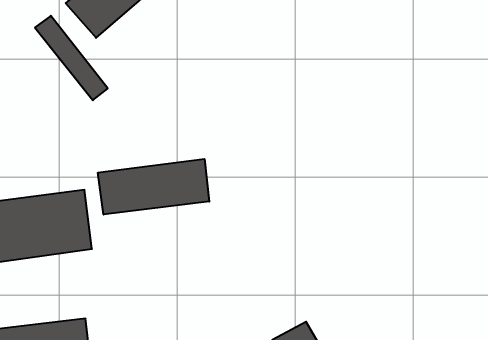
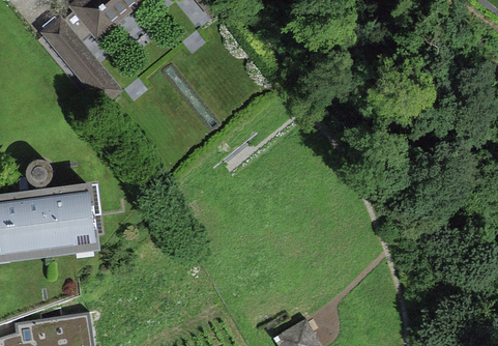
building: [98,159,209,215] -> none

